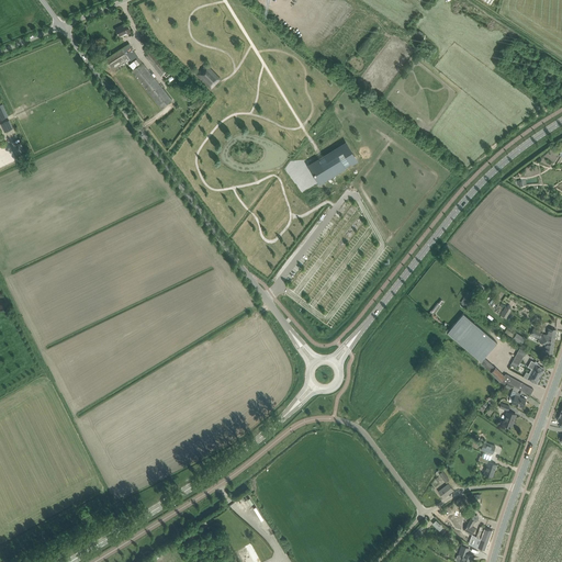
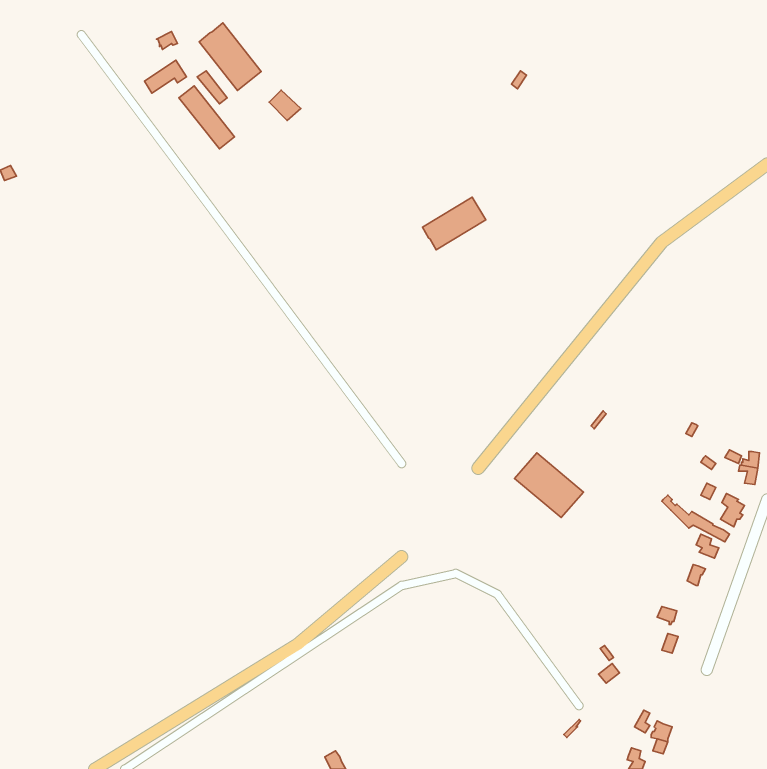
building: none -> [199,23,261,90]
building: [446,314,496,361] -> [514,453,584,518]

